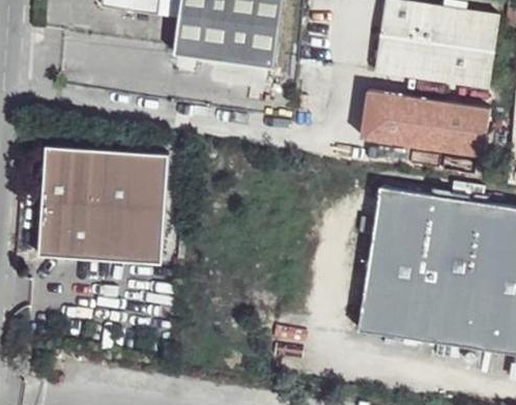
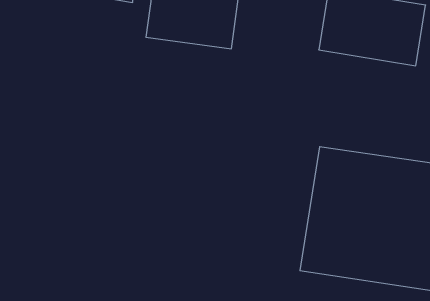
building: [355,88,485,154] -> none
building: [40,147,170,263] -> none

